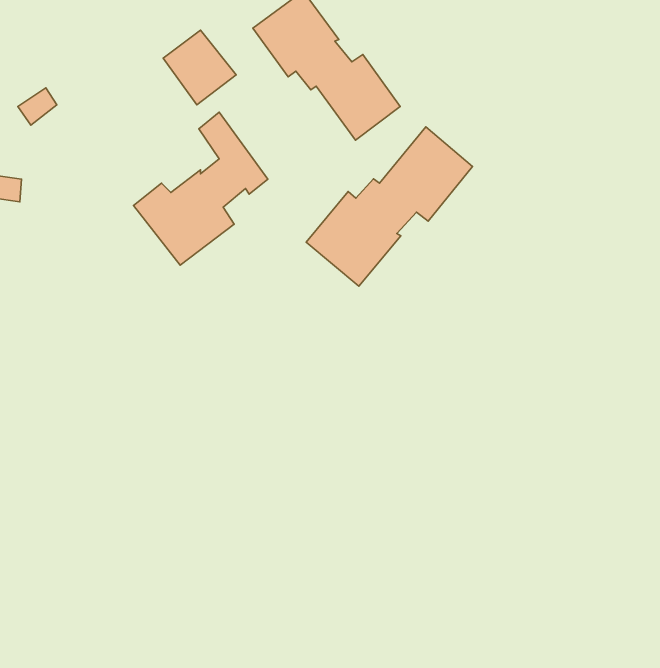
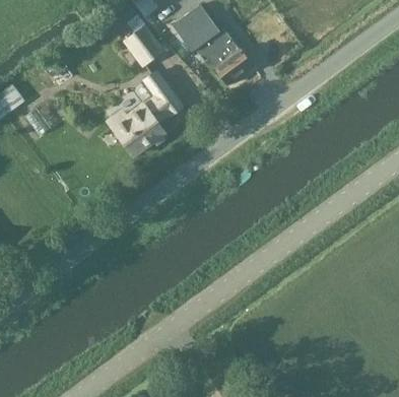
building: [306,127,472,286] -> none

